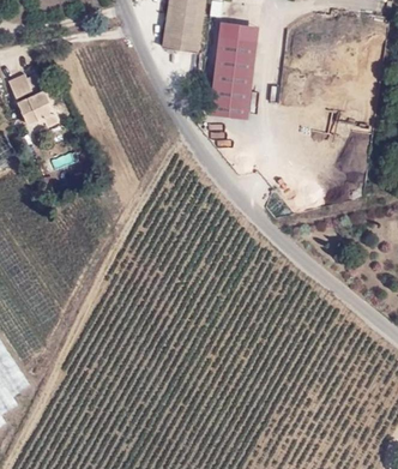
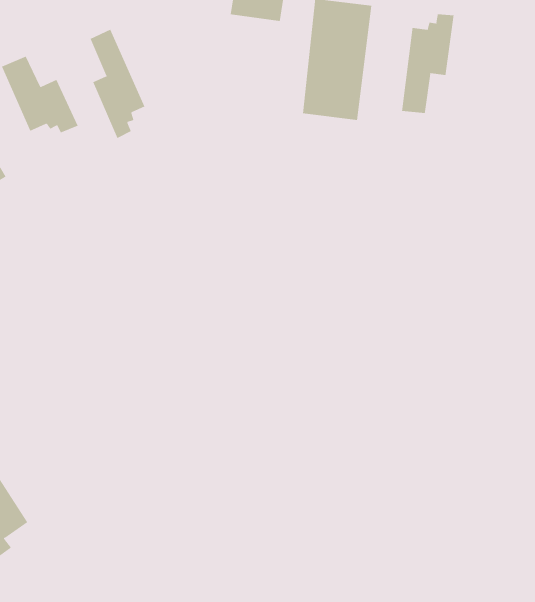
building: none -> [402,13,454,114]
building: none -> [90,29,145,139]

